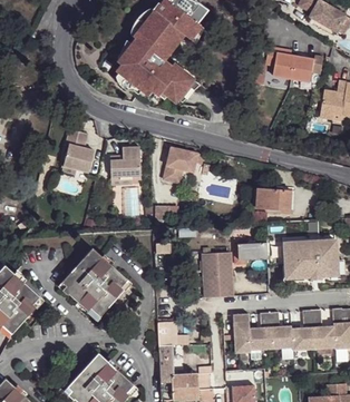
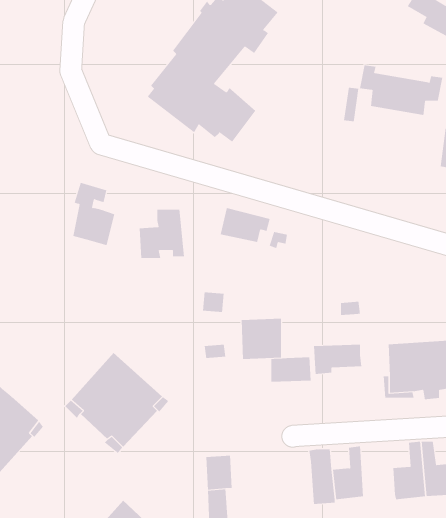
building: [256,188,291,209] -> none
building: [203,268,232,297] -> [241,318,282,360]
building: [266,314,290,350] -> none

